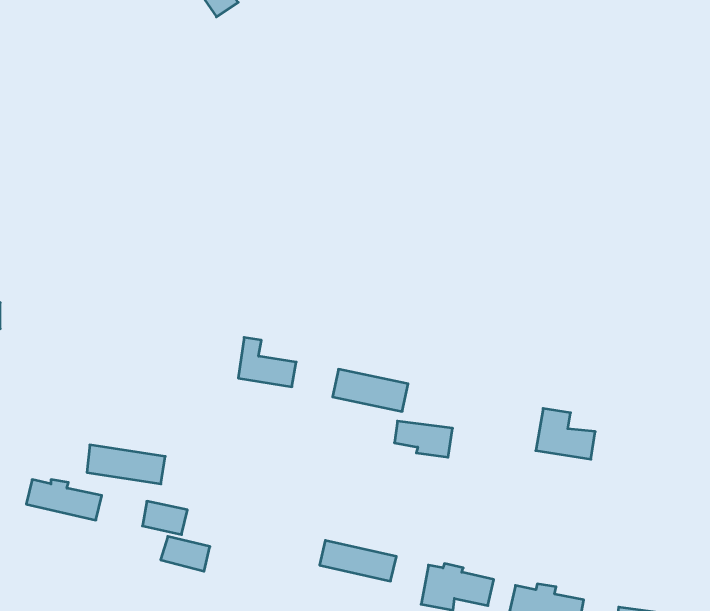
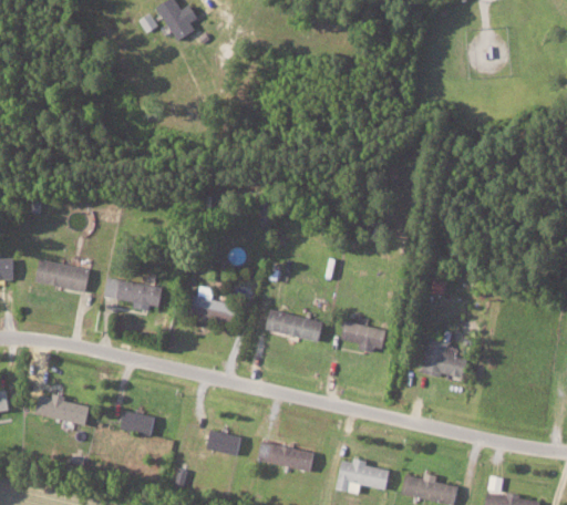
building: none -> [33,261,89,290]
building: [394,421,453,457] -> [341,323,385,351]
building: [87,445,165,484] -> [102,278,162,308]
building: [161,536,210,571] -> [203,430,240,456]

